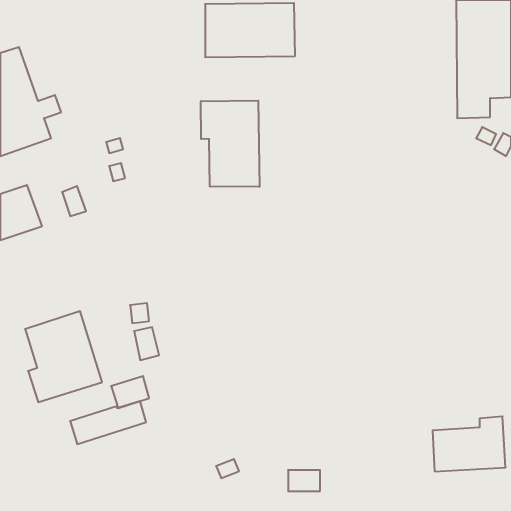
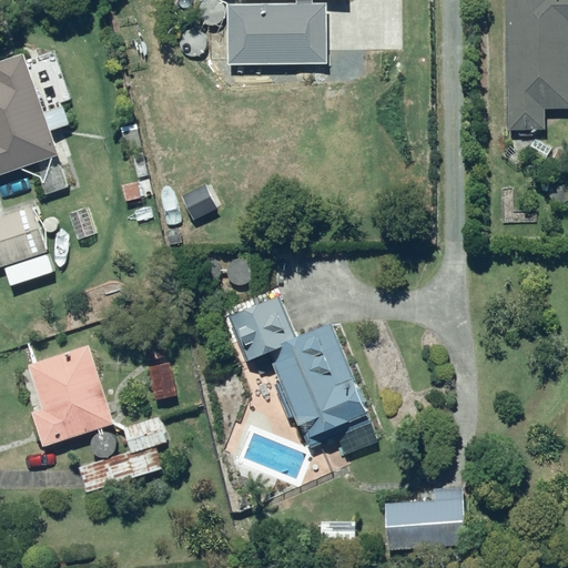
building: [201,101,259,187] -> none
building: none -> [229,295,377,455]
building: [433,416,506,471] -> [384,488,465,549]

